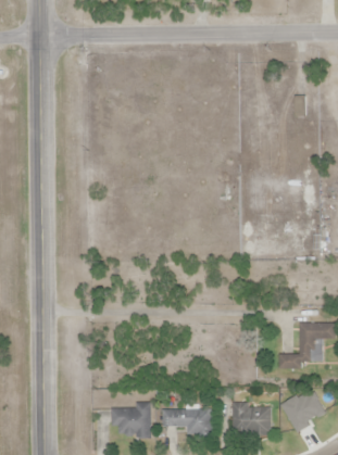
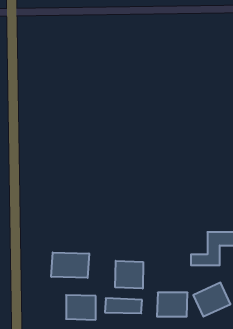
building: none -> [51,252,89,278]
building: none -> [115,261,143,289]

